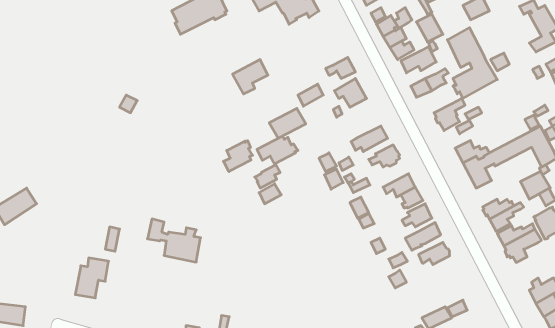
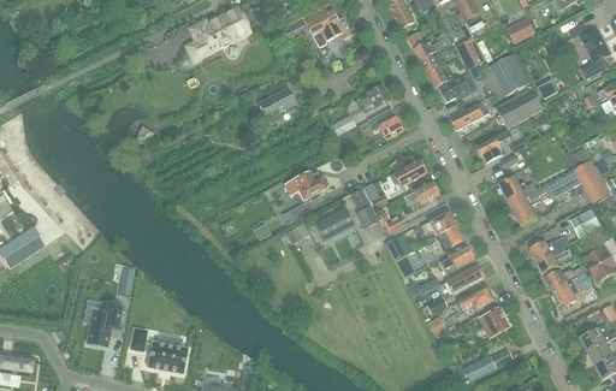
building: [269,108,306,138] -> [314,207,354,239]
building: [223,141,253,172] -> none
building: [147,219,201,262] -> [129,326,186,373]
building: none -> [476,307,508,337]

